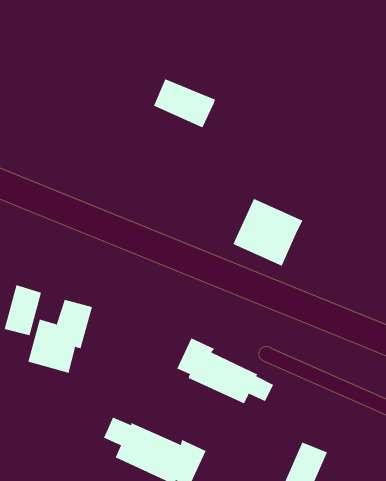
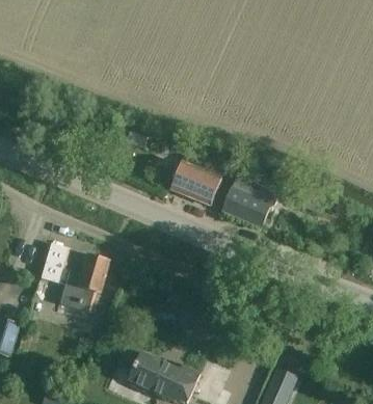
building: [153,79,216,128] -> [171,163,221,203]
building: [176,338,274,404] -> none

